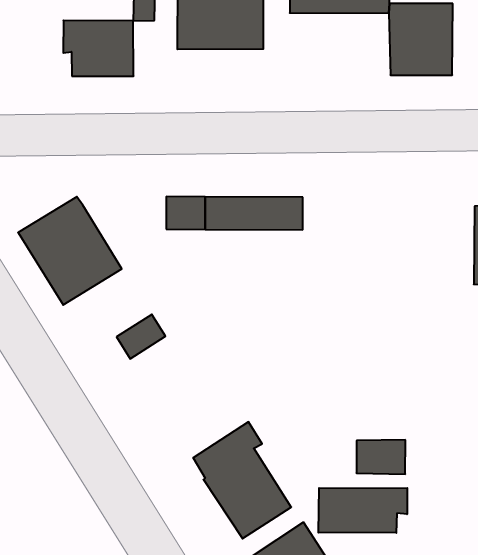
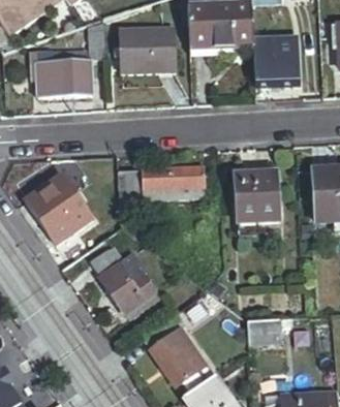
building: none -> [234,171,278,223]
building: none -> [100,263,156,313]
building: [318,488,407,533] -> none

